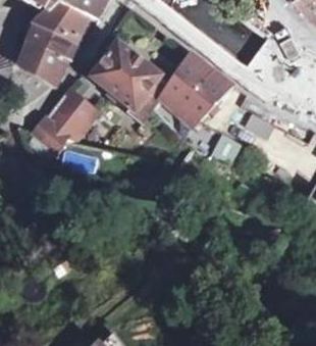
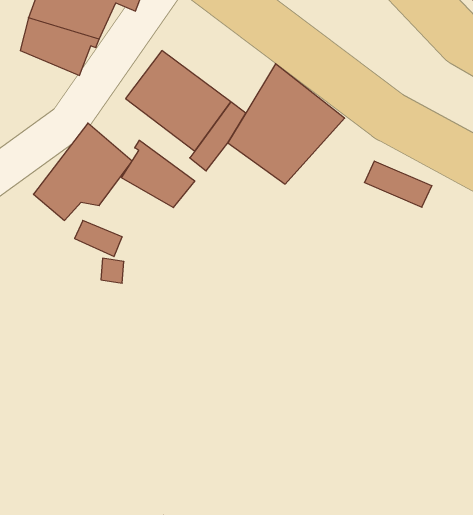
building: [22,44,65,81] -> none
building: none -> [122,140,195,208]

